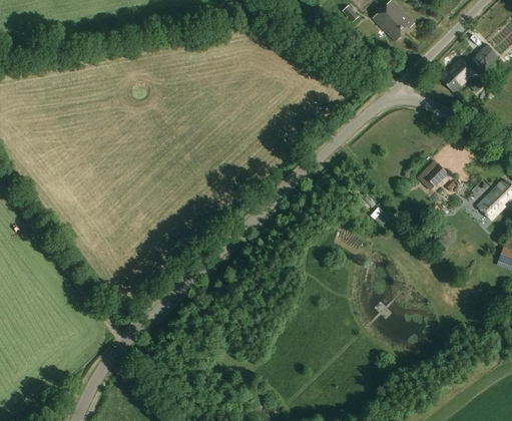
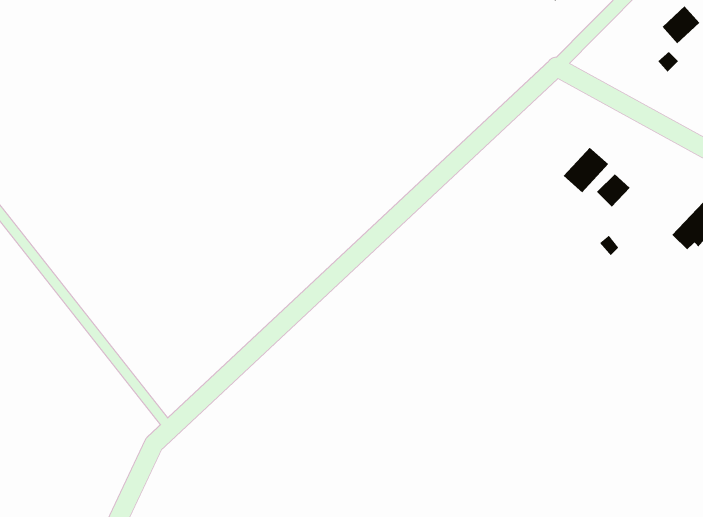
building: [440,58,475,92] -> none
building: none -> [563,147,609,193]

